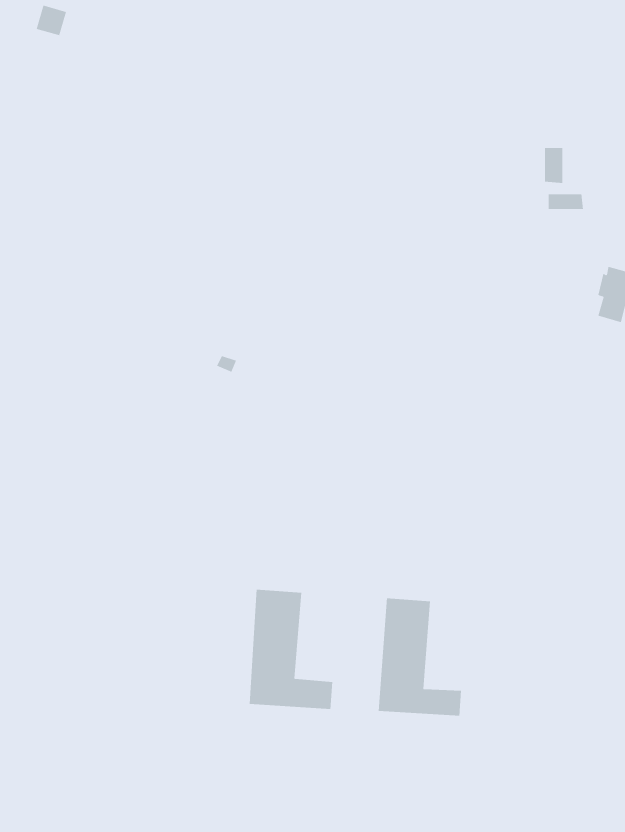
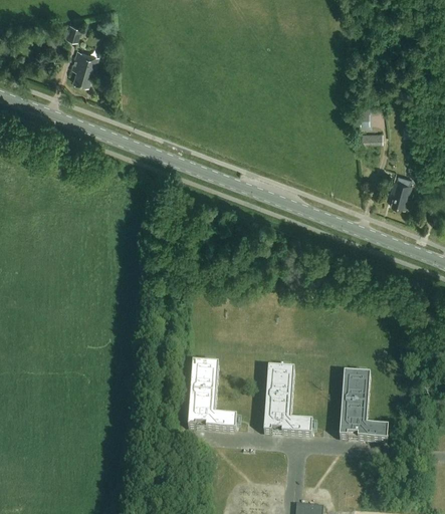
building: none -> [71,47,99,82]
building: none -> [340,371,389,441]

